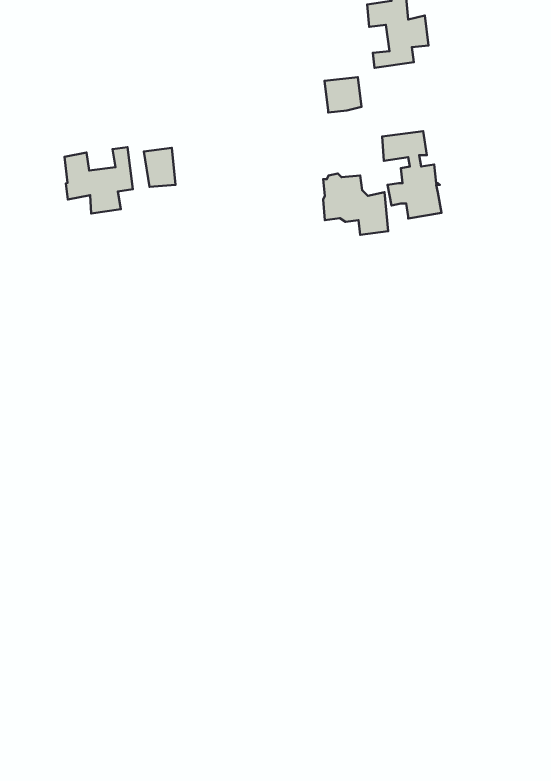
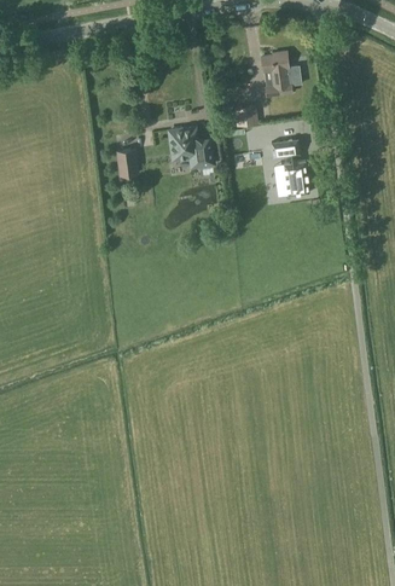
building: [64,147,133,214] -> none
building: [323,173,388,235] -> [172,126,214,166]

